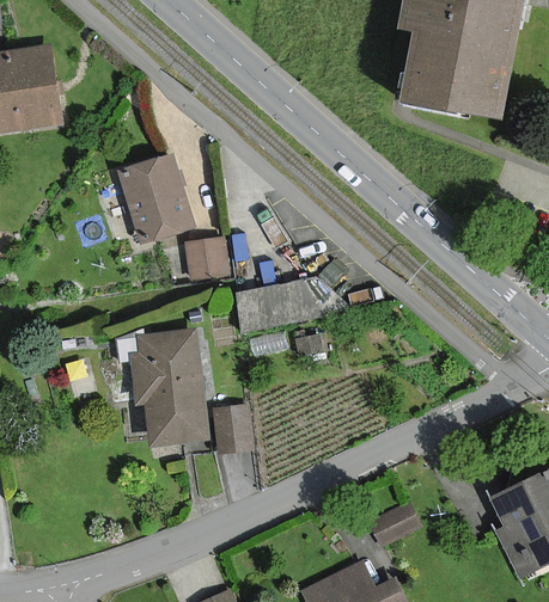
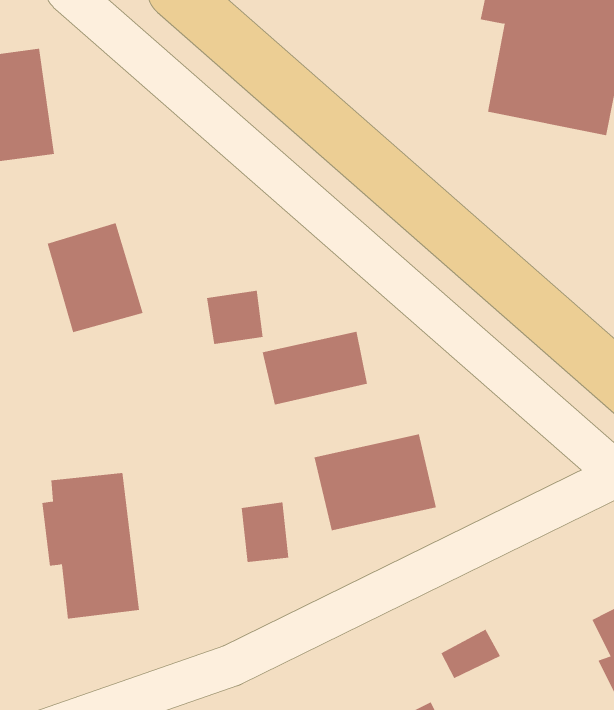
building: [120,152,196,239] -> [47,222,144,333]
building: [129,330,207,446] -> [42,472,140,619]
building: none -> [314,433,437,531]

